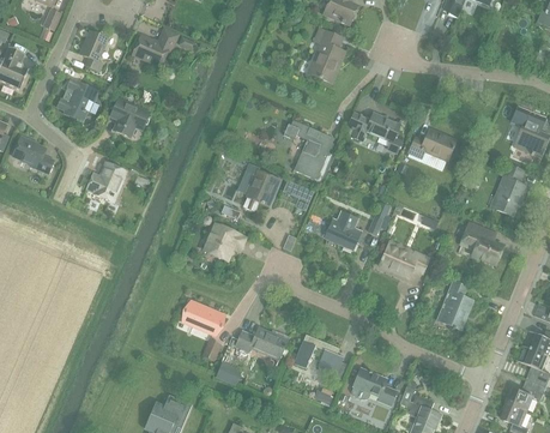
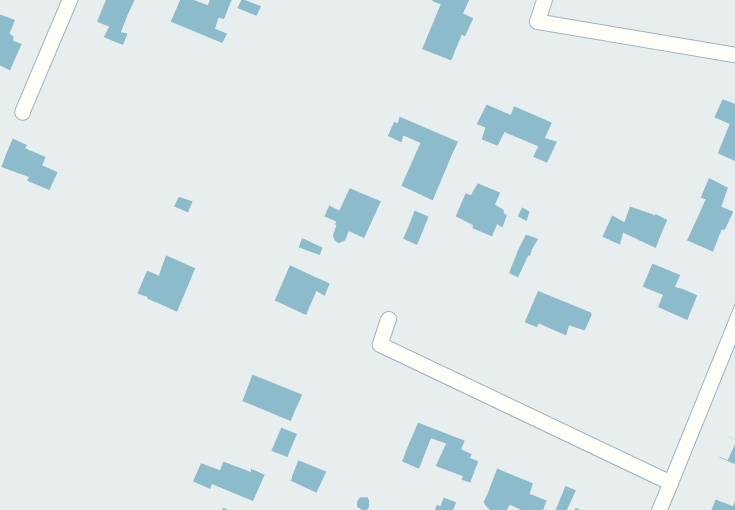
building: [56,77,98,120] -> none
building: [109,97,149,136] -> none
building: [407,127,454,160] -> [602,203,668,249]
building: [85,161,127,202] -> [136,254,196,312]
building: [325,210,362,248] -> [455,182,508,237]
building: [436,279,470,329] -> none
building: [235,329,286,357] -> [192,461,266,502]

